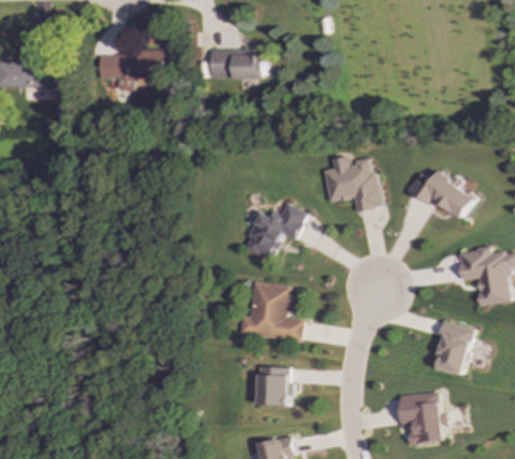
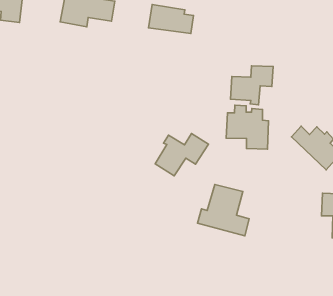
building: none -> [231,66,273,105]
building: [238,282,302,341] -> [197,184,249,236]
building: [434,321,473,374] -> none
building: [256,366,288,405] -> none

